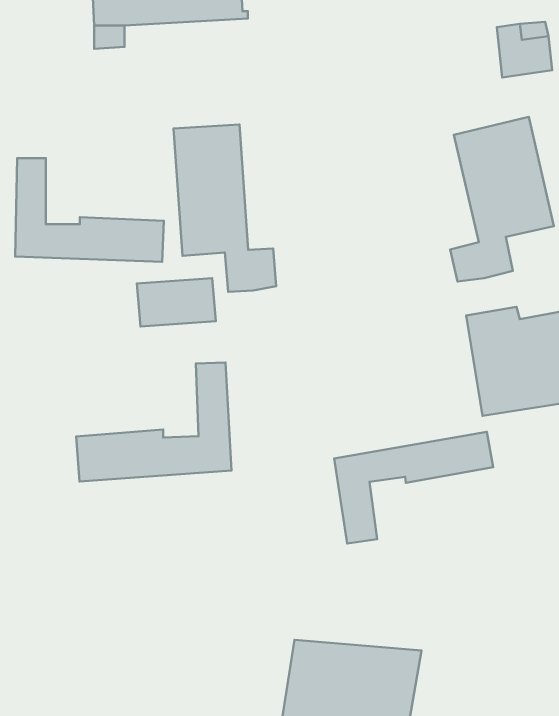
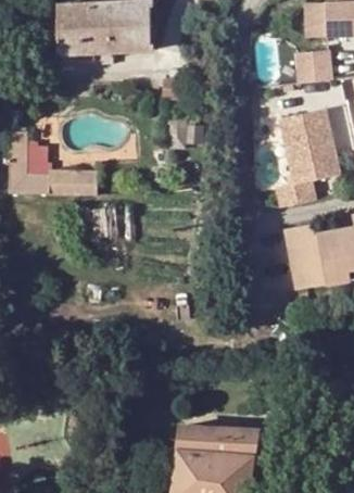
building: [174,124,276,292] -> none
building: [76,363,231,481] -> none
building: [334,432,493,543] -> none

